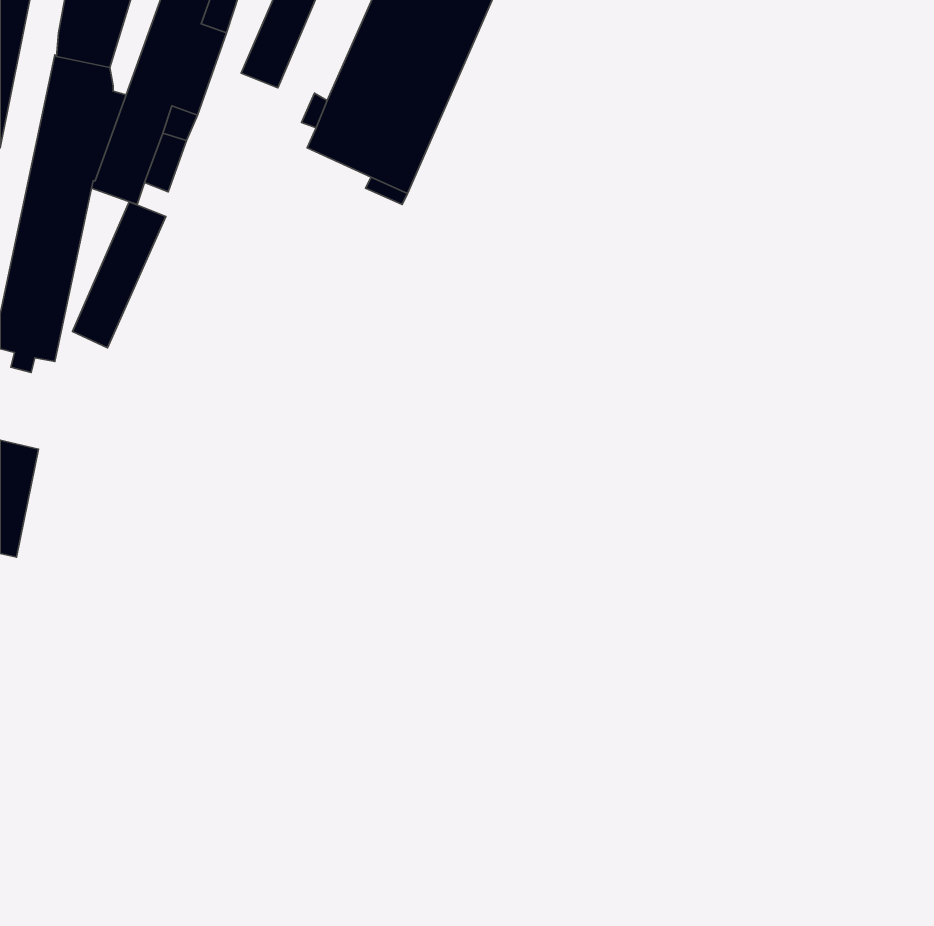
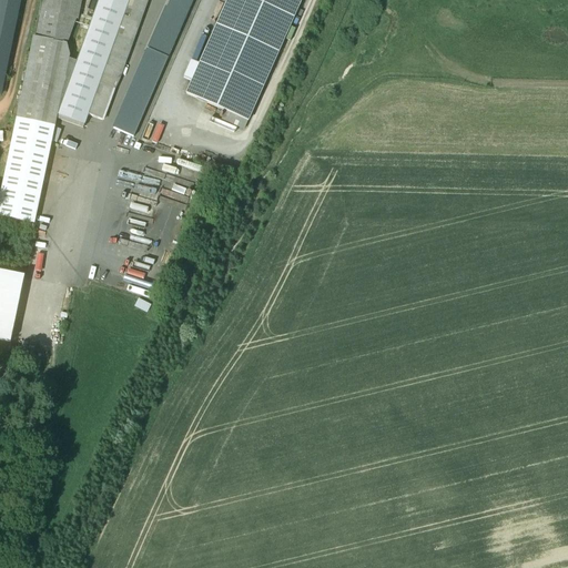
building: [73,202,166,348] -> [112,44,169,133]

